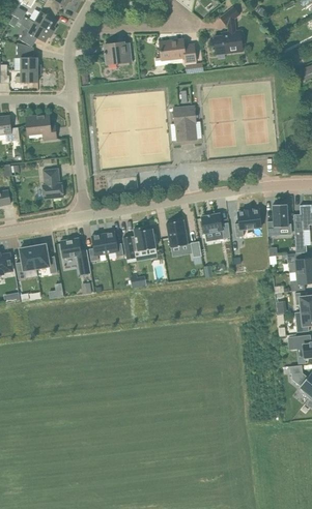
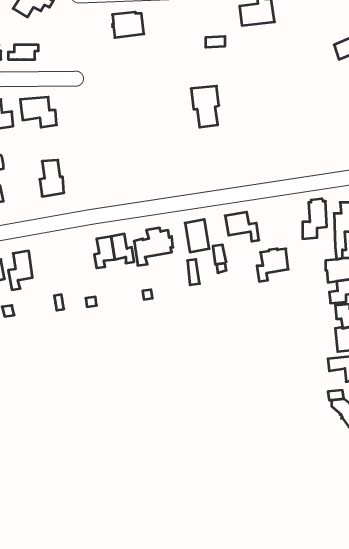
building: [160,38,196,61] -> none
building: [18,41,41,69] -> none
building: [234,208,261,236] -> [257,249,288,281]
building: [60,237,91,273] -> none
building: [33,243,57,272] -> none

